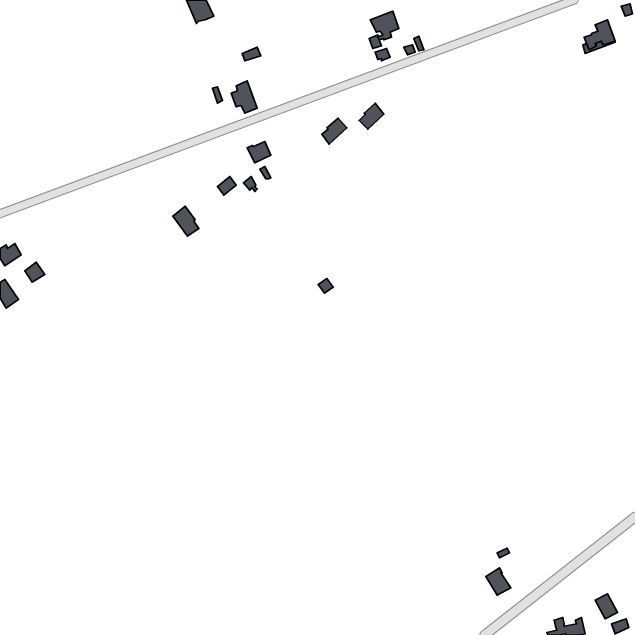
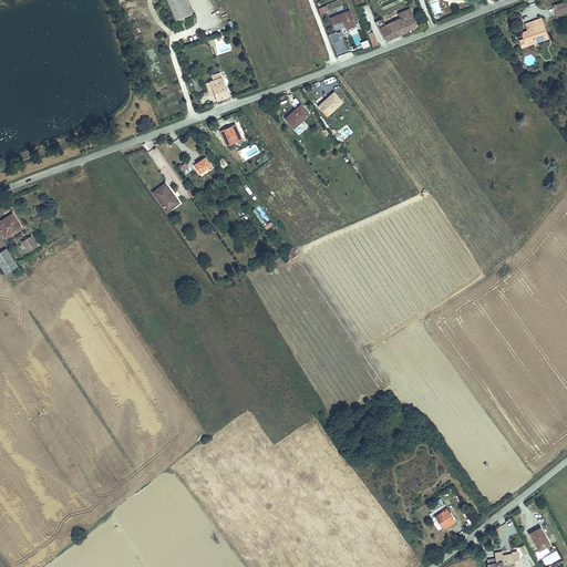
building: none -> [377,9,417,40]

